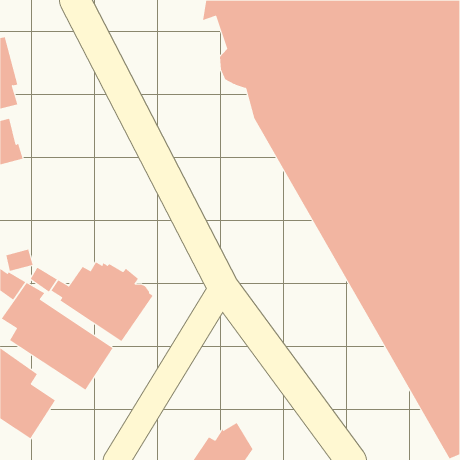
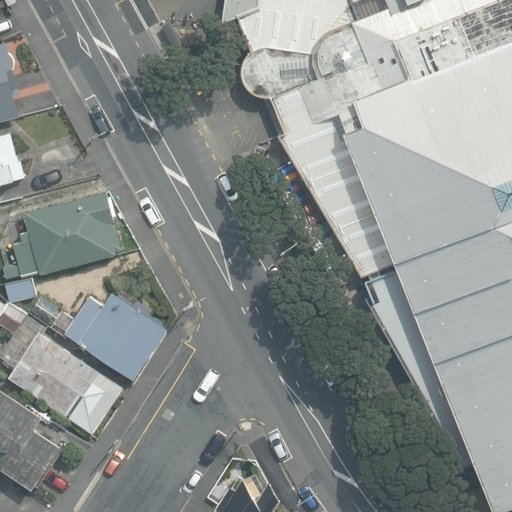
building: none -> [4,191,125,279]

